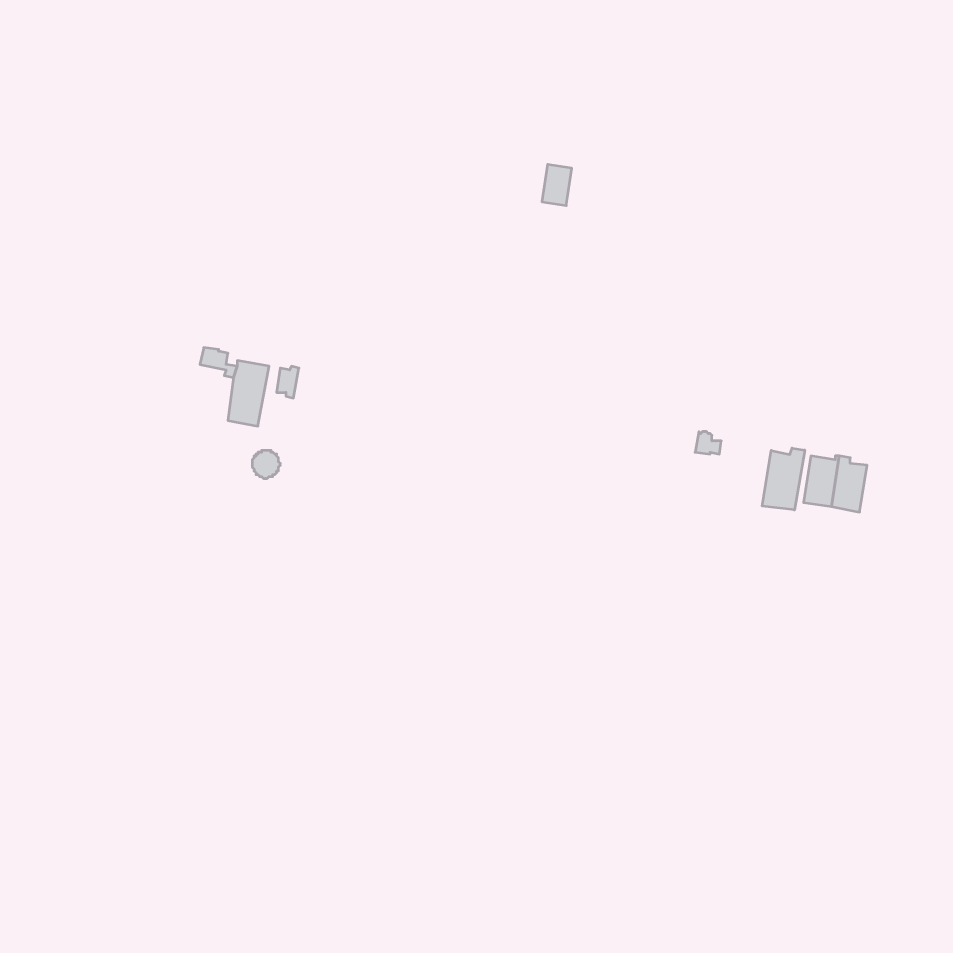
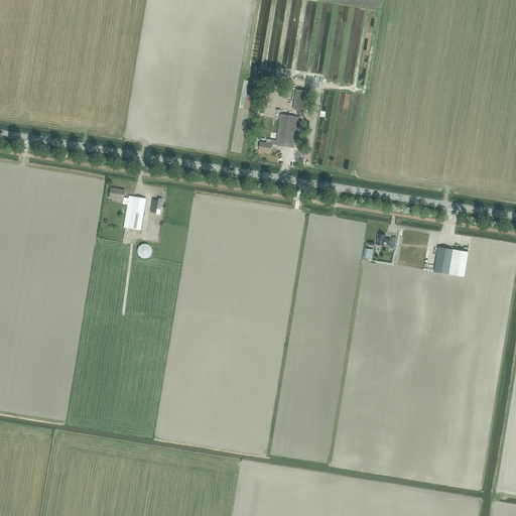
building: none -> [258,113,298,152]
building: [762,448,805,510] -> none

